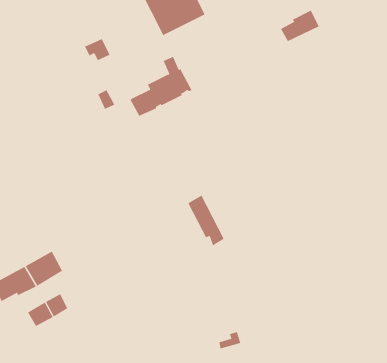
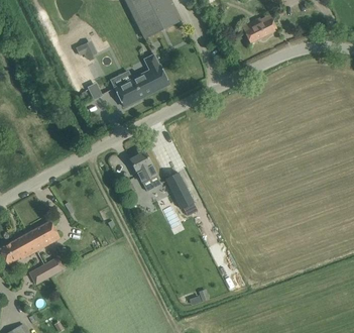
building: none -> [130,151,160,191]

